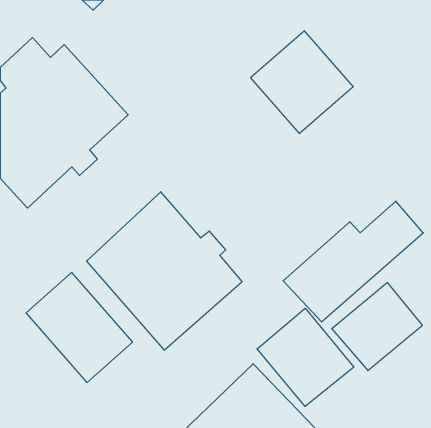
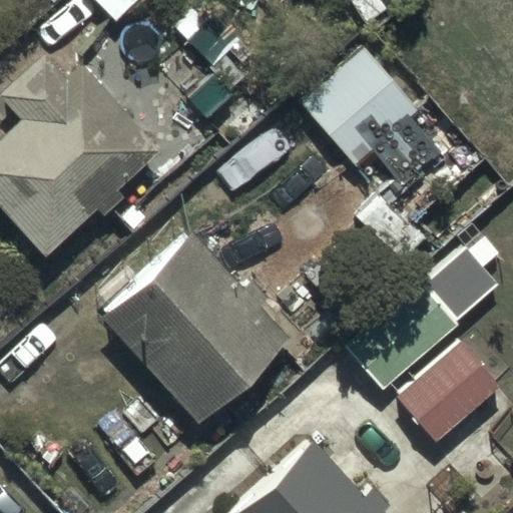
building: [26,273,132,382] -> none
building: [257,308,354,406] -> none

